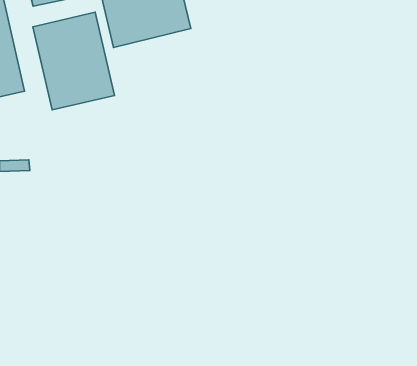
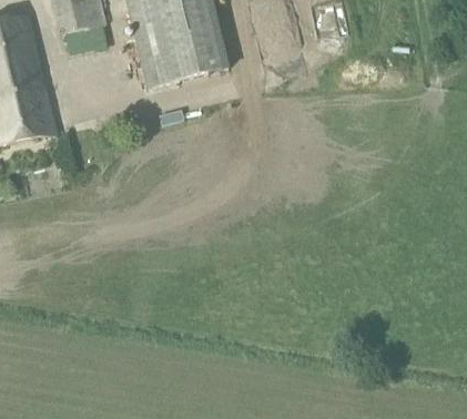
building: [33,12,114,110] -> none

